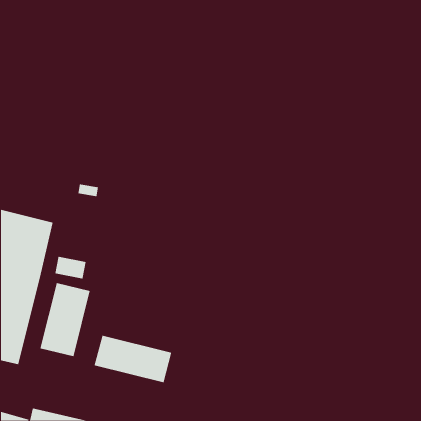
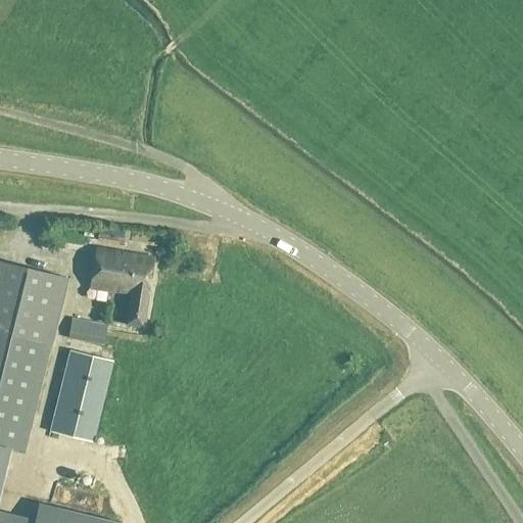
building: none -> [89,248,152,328]
building: [94,335,172,383] -> none

